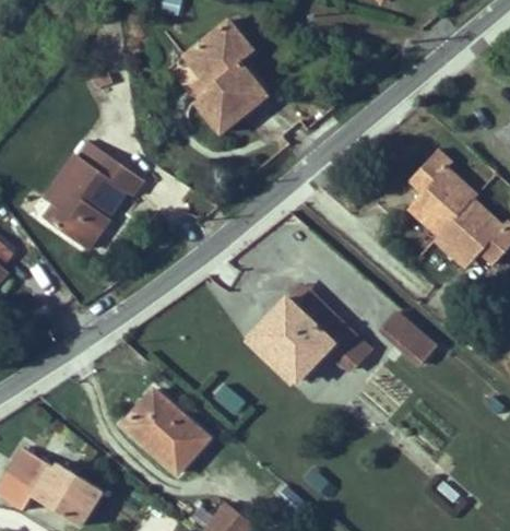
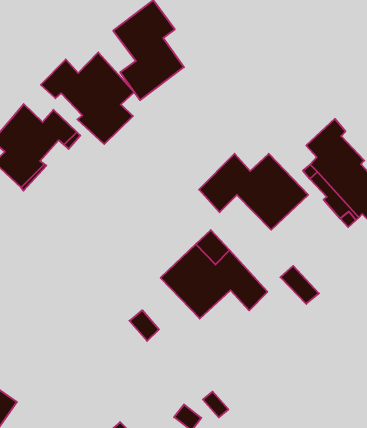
building: none -> [41,52,134,144]
building: none -> [199,154,308,230]
building: [117,392,203,476] -> none

